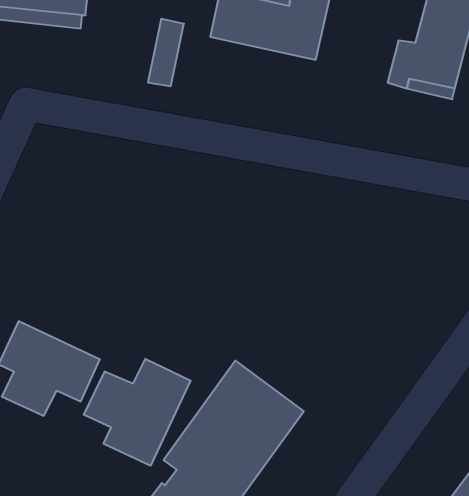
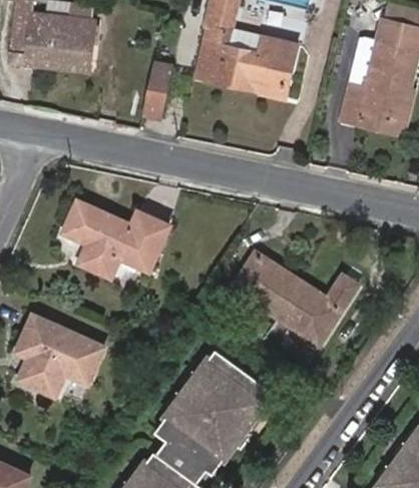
building: none -> [64,203,169,276]
building: none -> [235,252,358,345]
building: [84,359,191,466] -> none

